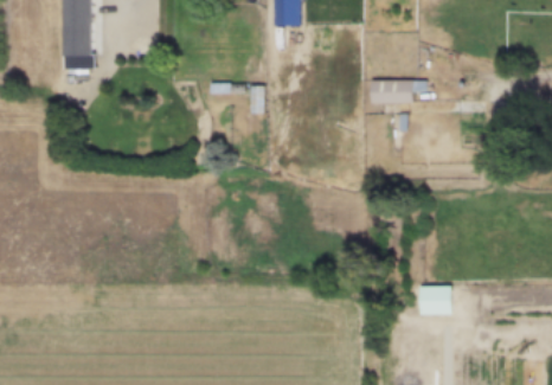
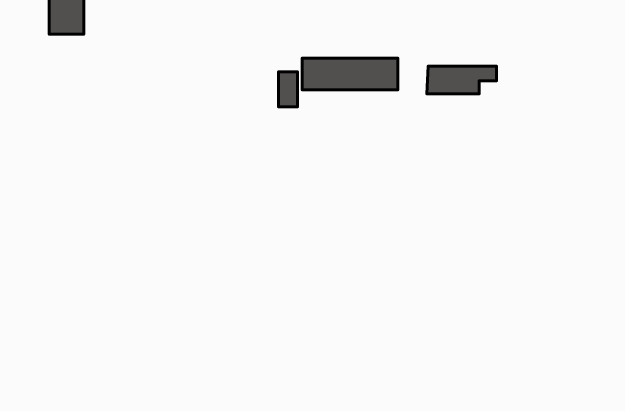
building: none -> [302,58,398,90]
building: [419,285,451,315] -> none

